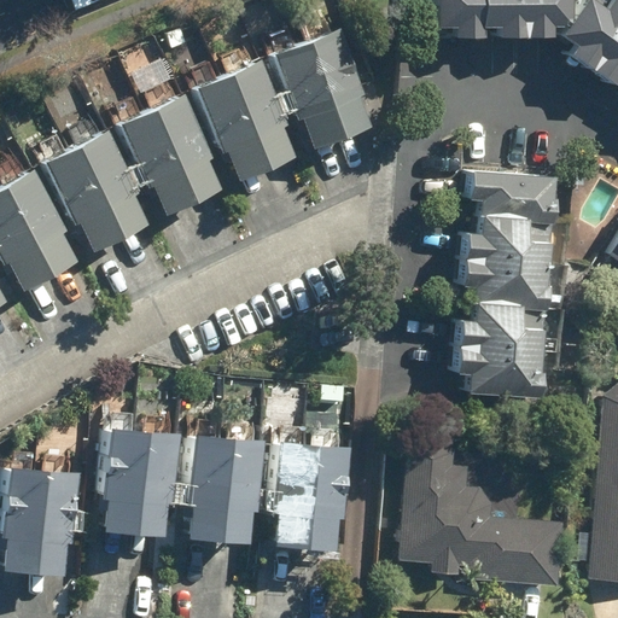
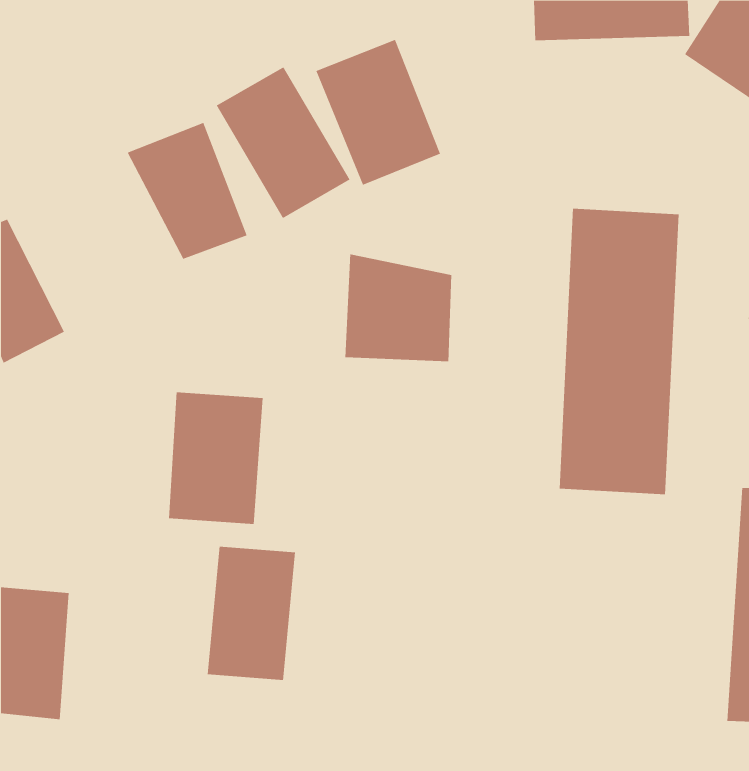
building: [33,123,157,253] -> none
building: none -> [345,253,452,362]
building: [97,432,173,538] -> [168,392,263,525]
building: [401,444,567,583] -> none
building: [268,445,342,548] -> none

